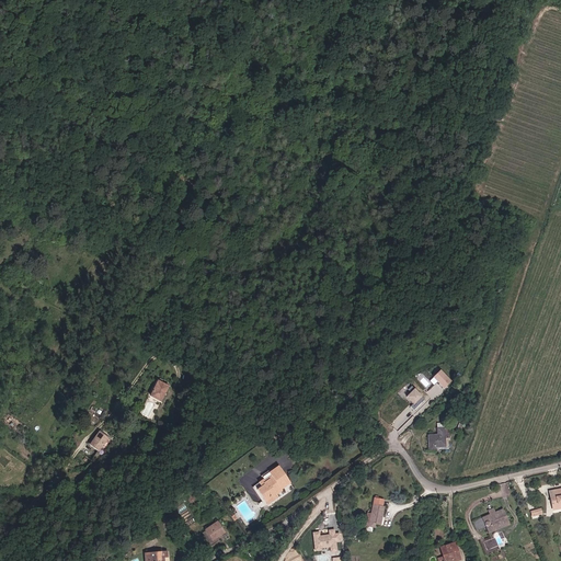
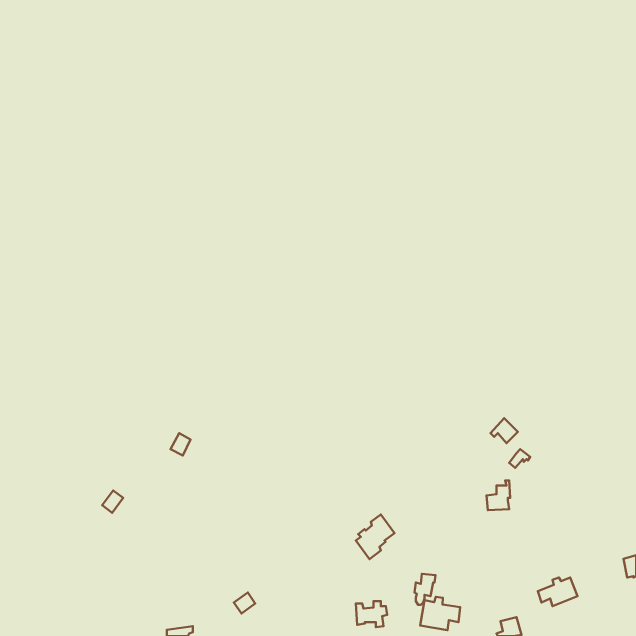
building: [255,466,289,505] -> [356,514,394,559]
building: none -> [420,597,460,630]

